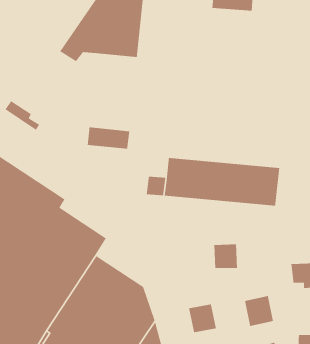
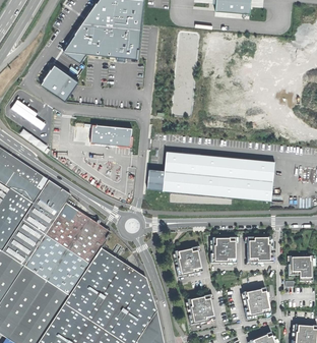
building: none -> [41,65,77,100]
building: none -> [246,236,272,262]
building: none -> [175,246,201,276]

